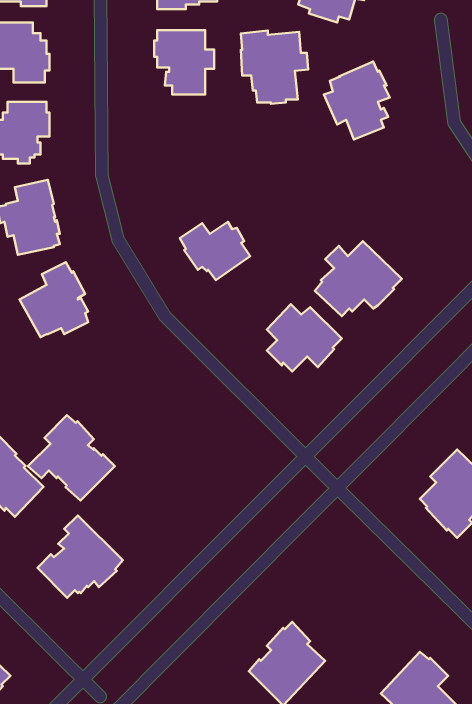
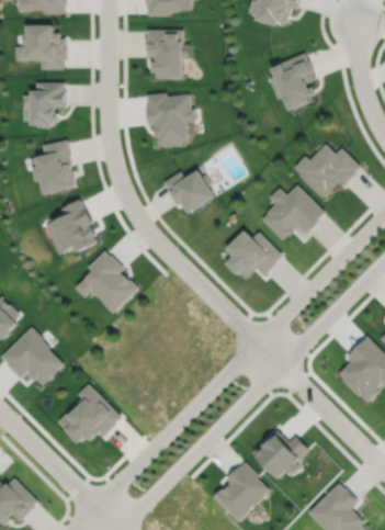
building: [241,30,308,104] -> [145,92,194,146]
building: none -> [293,144,360,196]
building: [28,415,115,501] -> [76,251,139,314]
building: none -> [251,431,308,481]

